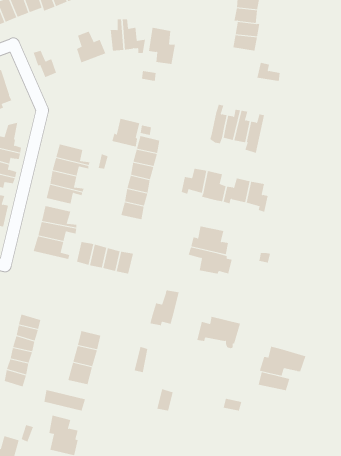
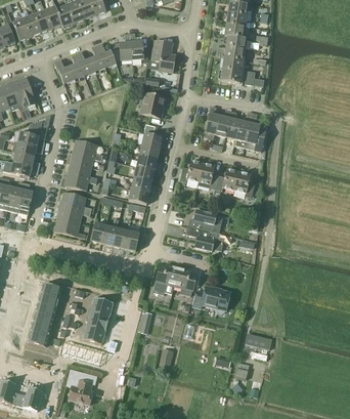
building: none -> [70,51,94,79]
building: none -> [220,57,243,83]
building: none -> [244,115,266,152]
building: [111,118,140,147] -> [139,93,164,118]
building: none -> [173,265,196,296]
building: [259,346,306,376] -> none

